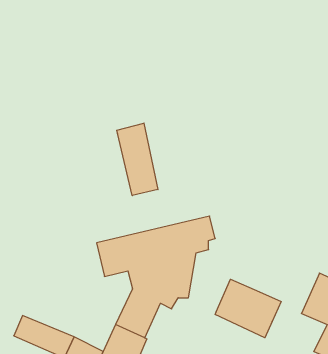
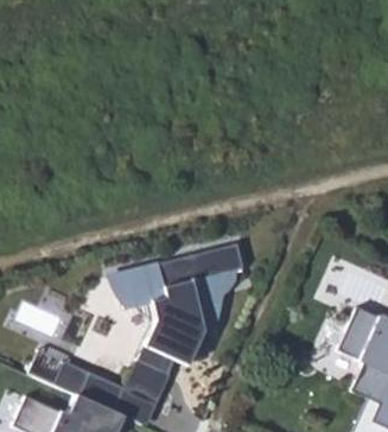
building: [117,123,158,196] -> none
building: [215,279,281,338] -> none

